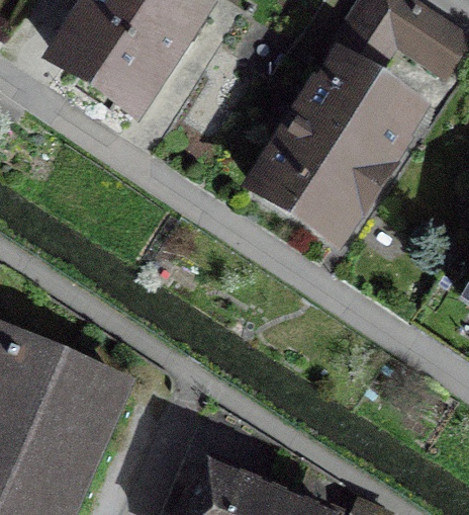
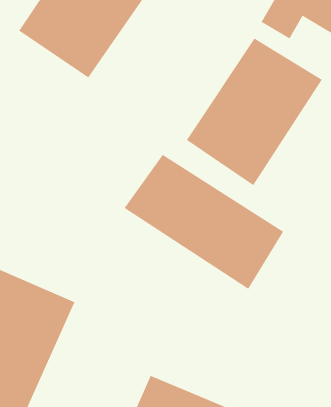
building: none -> [124,154,284,290]

